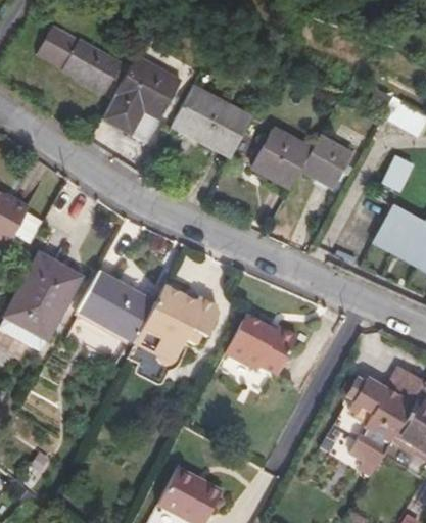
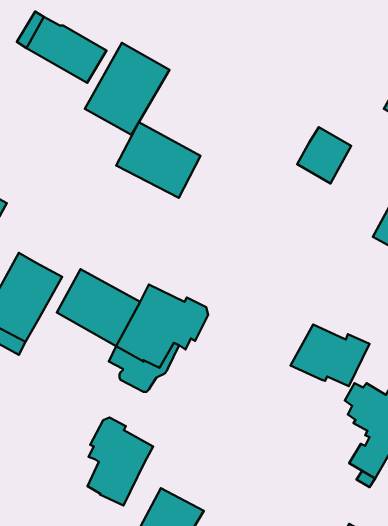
building: [172,85,251,156] -> [116,122,201,198]
building: [251,127,313,188] -> none
building: [224,319,298,377] -> [291,324,370,386]
building: none -> [87,418,153,505]

